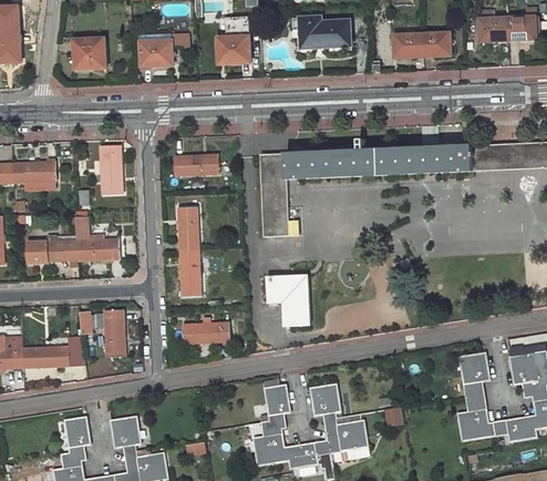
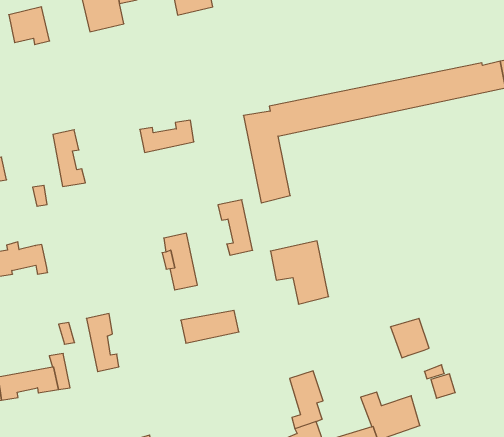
building: [175,205,198,250] -> [218,200,253,255]
building: [73,214,117,259] -> none
building: [312,382,342,413] -> [390,318,429,358]

